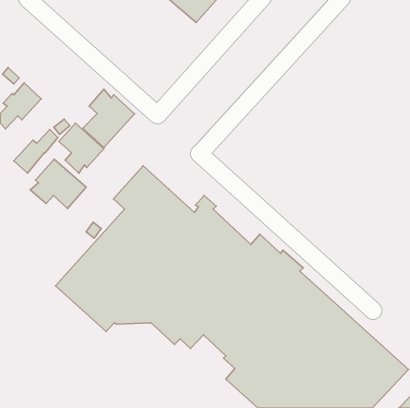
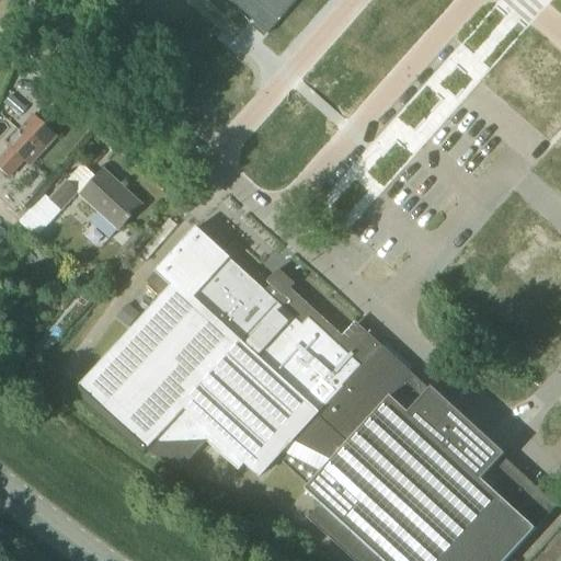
building: [83,89,135,147] -> none
building: [30,159,86,208] -> none

